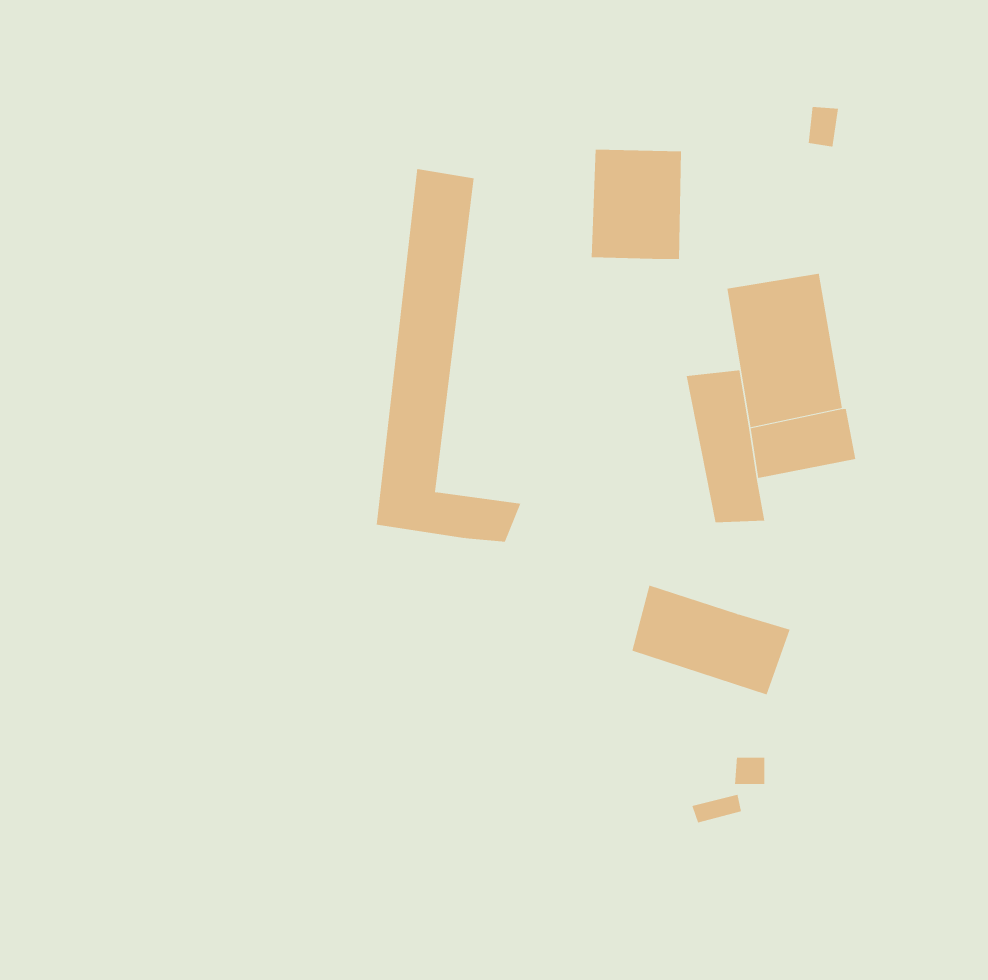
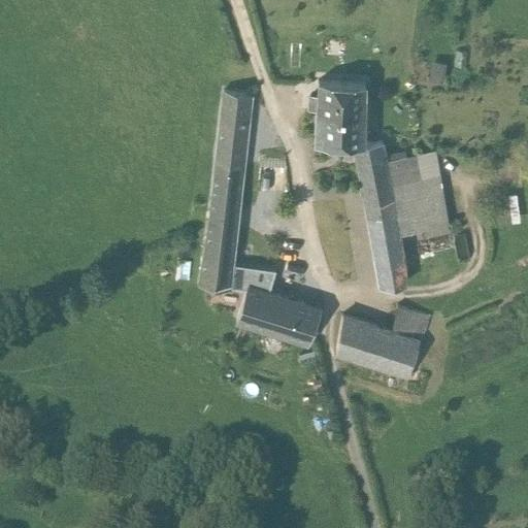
building: none -> [355,143,395,205]
building: none -> [238,292,321,344]
building: none -> [394,305,431,340]

